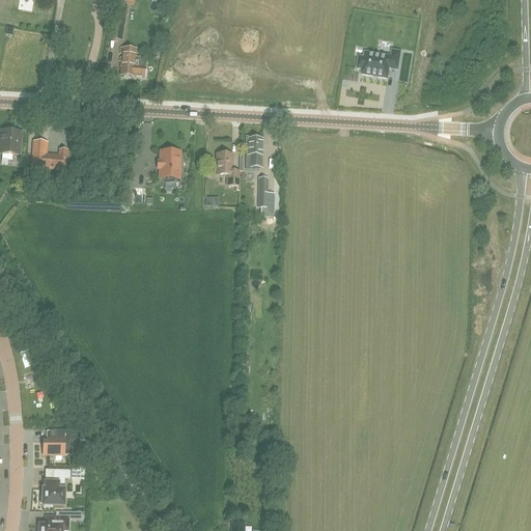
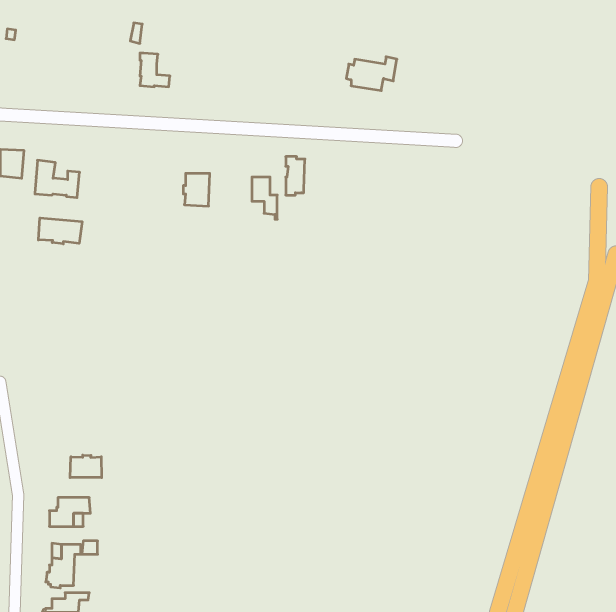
building: [357,48,400,77] -> [346,57,397,91]
building: [258,176,274,215] -> none
building: none -> [38,218,82,244]
building: none -> [70,455,102,478]

